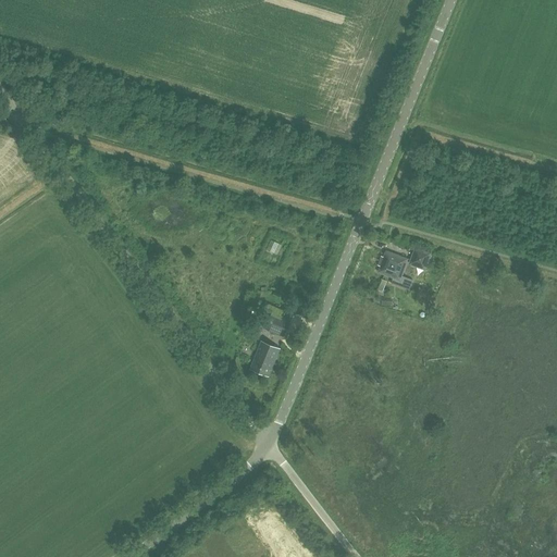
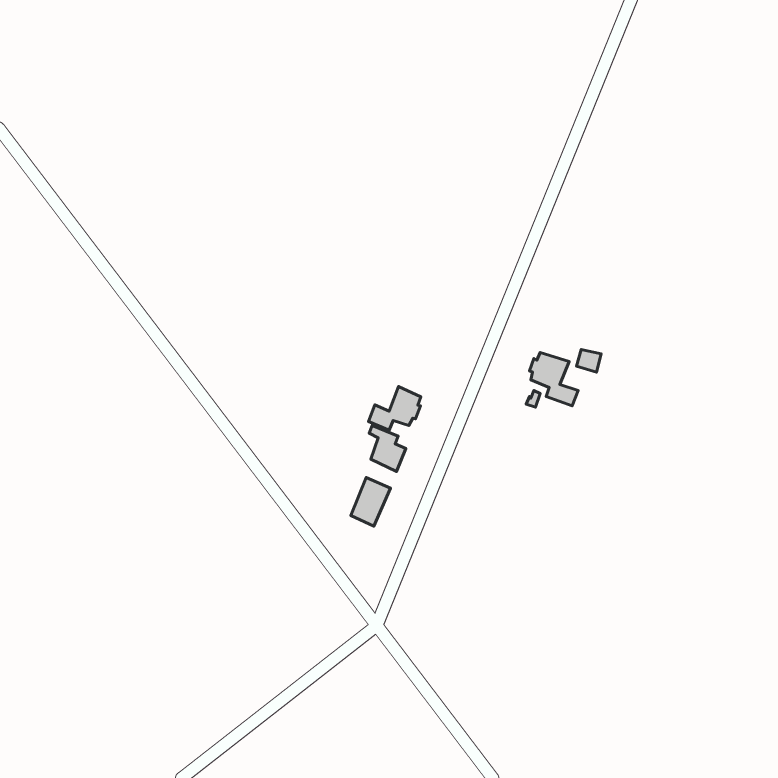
building: none -> [369,386,421,430]

